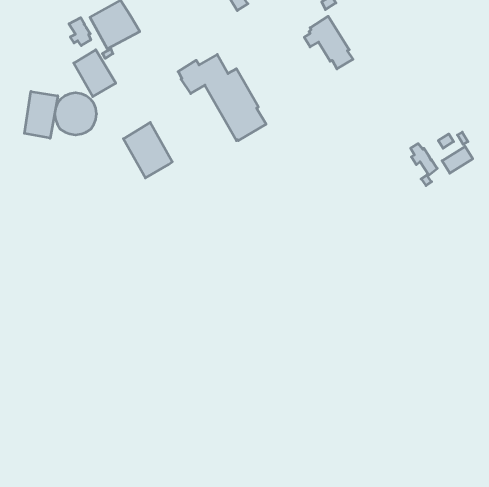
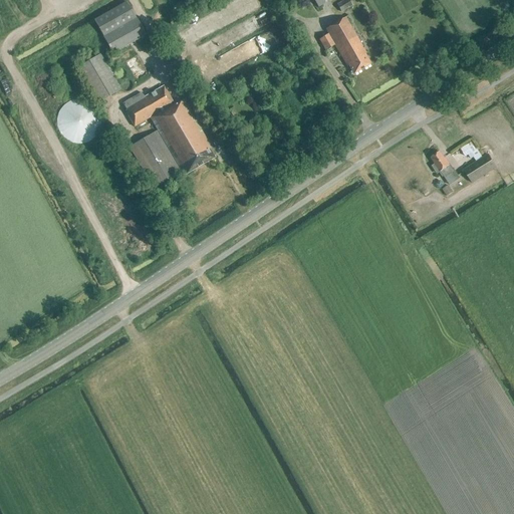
building: [69,18,91,46] -> none
building: [178,54,266,141] -> [122,83,215,174]
building: [24,91,58,138] -> none

